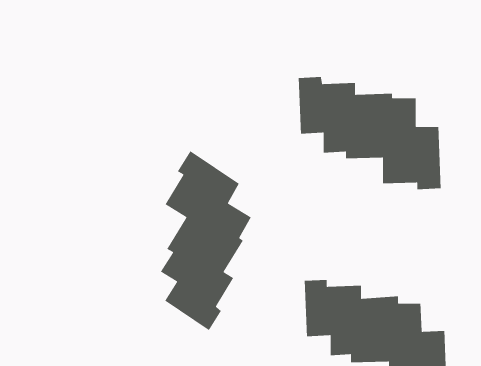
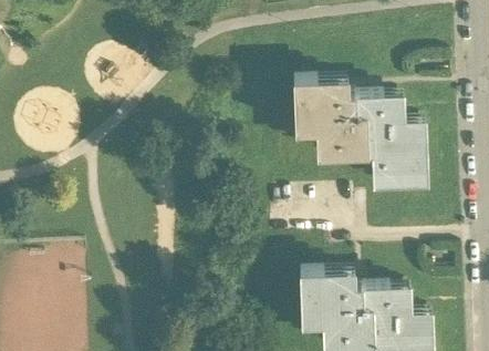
building: [160,150,252,331] -> none

